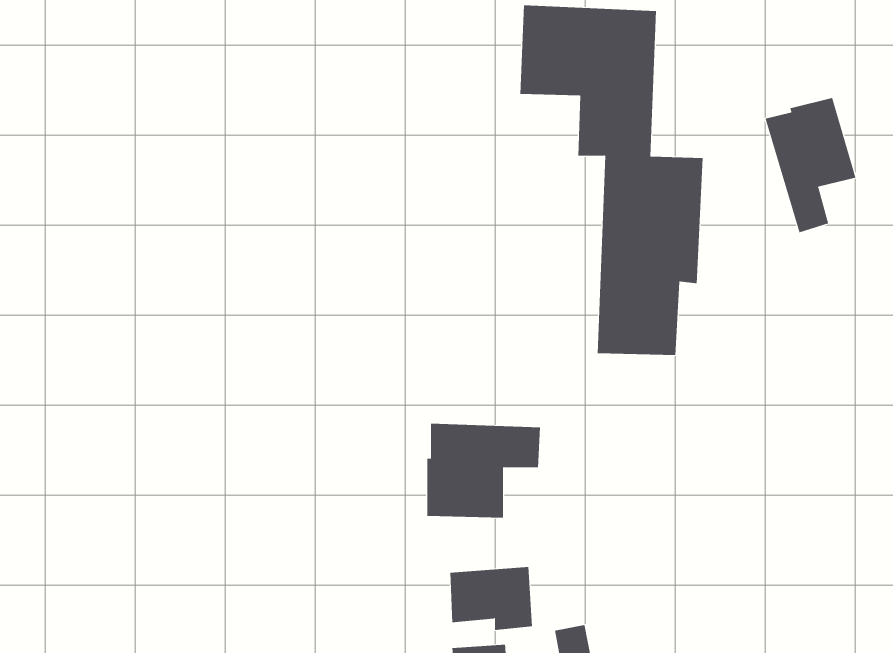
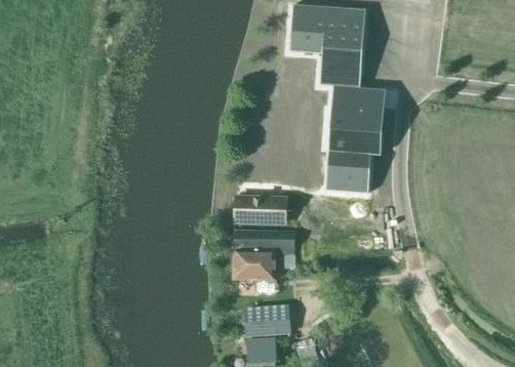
building: [765,97,856,233] -> none
building: none -> [236,197,288,220]

